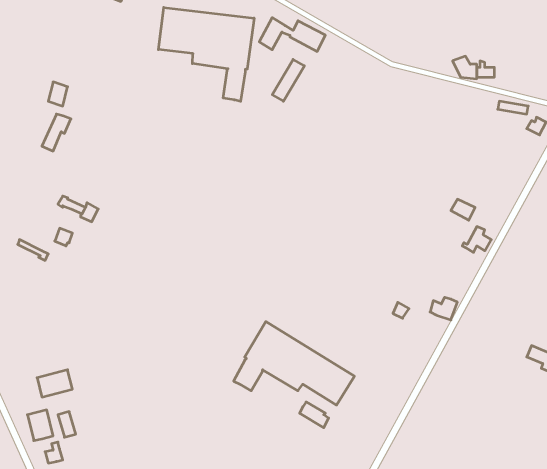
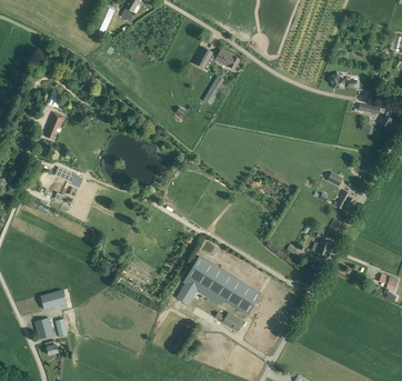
building: [158,7,254,101] -> none

